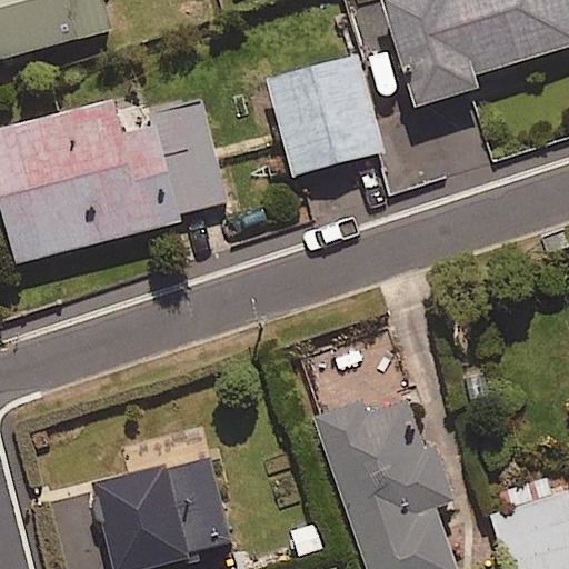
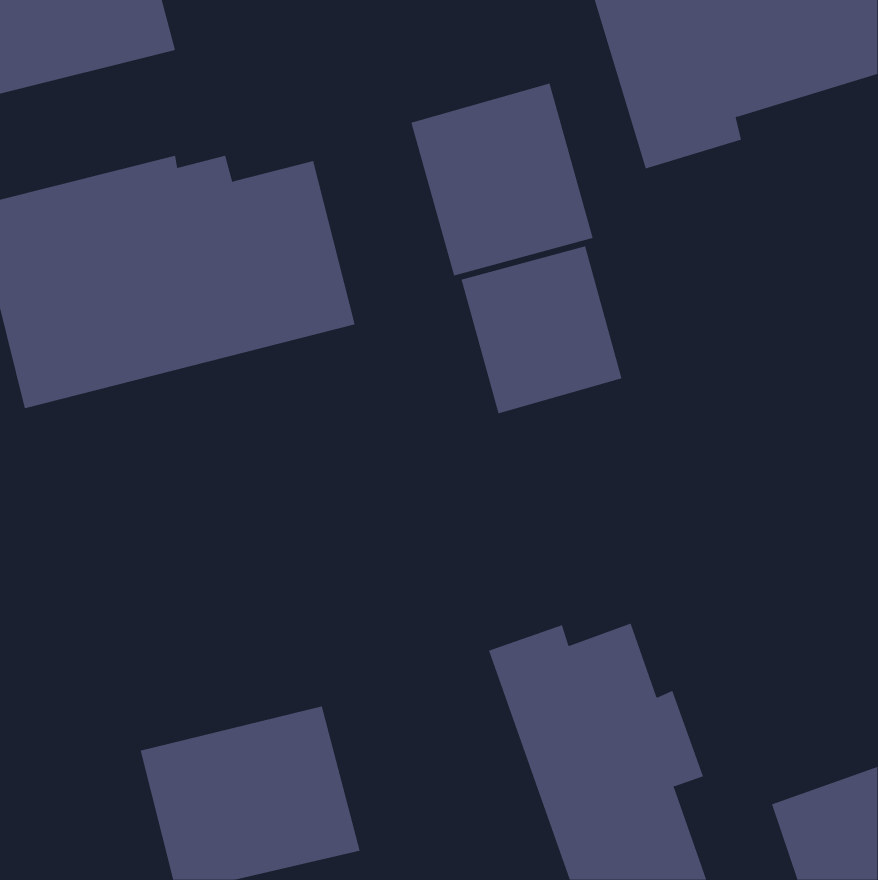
building: none -> [461,245,622,414]

